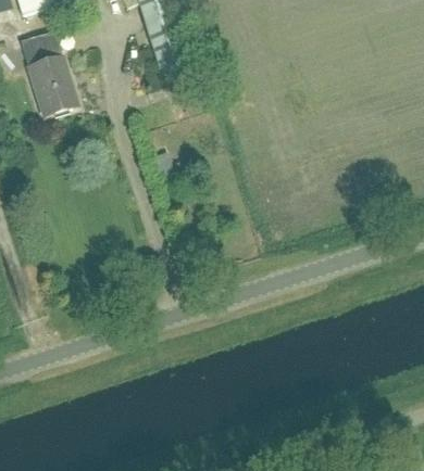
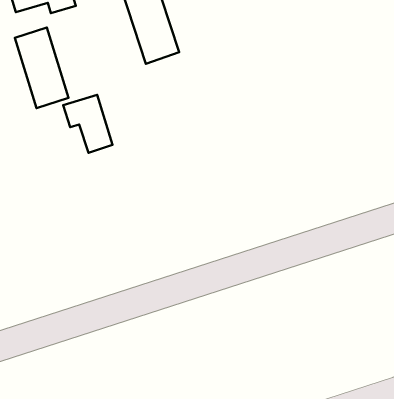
building: none -> [63,95,113,153]

